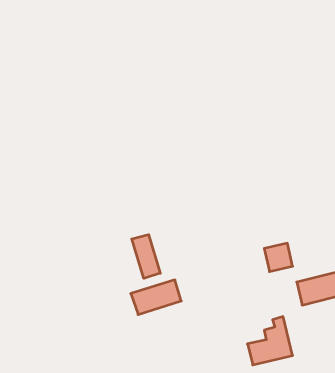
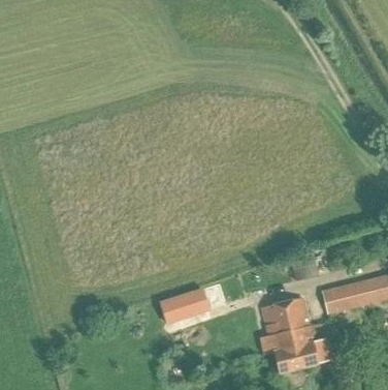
building: [132,235,160,278] -> none
building: none -> [261,298,310,355]

